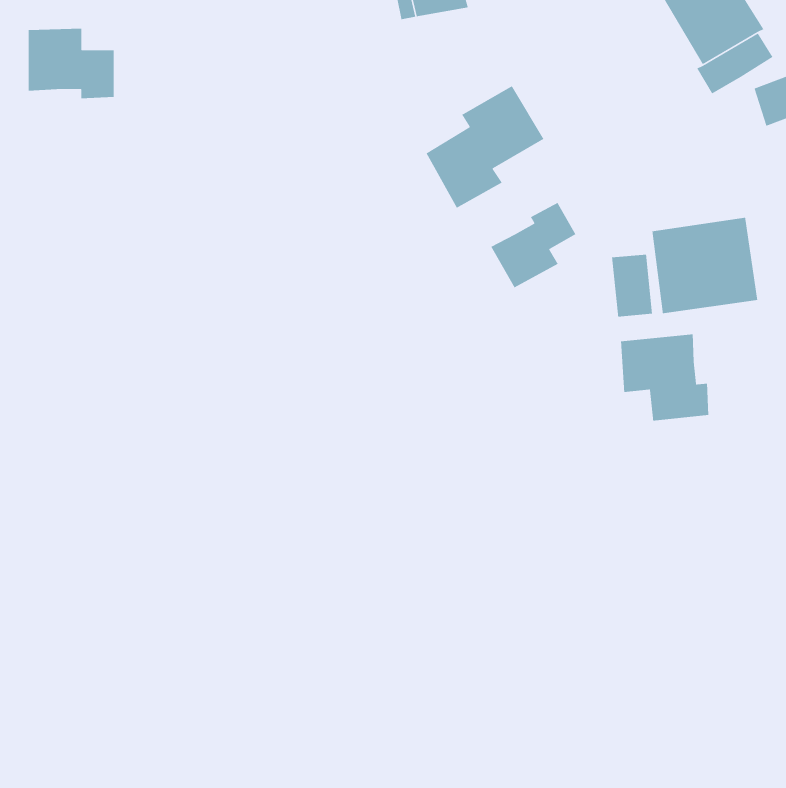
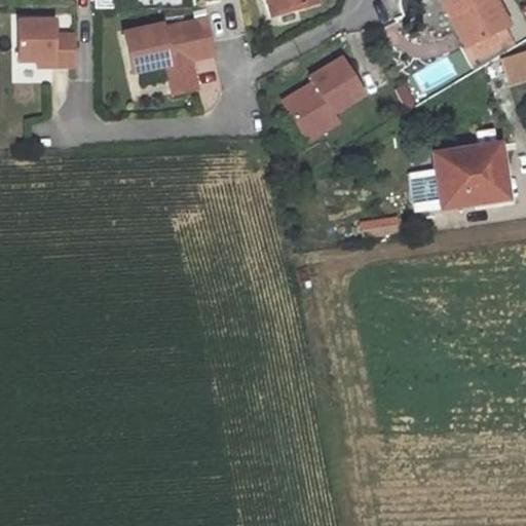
building: none -> [122,15,214,91]
building: [490,202,577,288] -> none
building: [620,333,709,421] -> none

